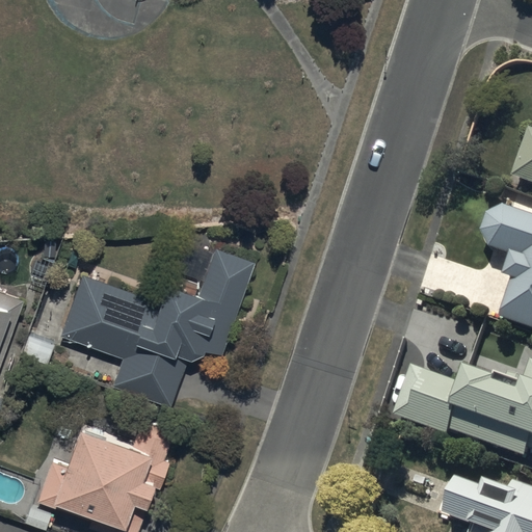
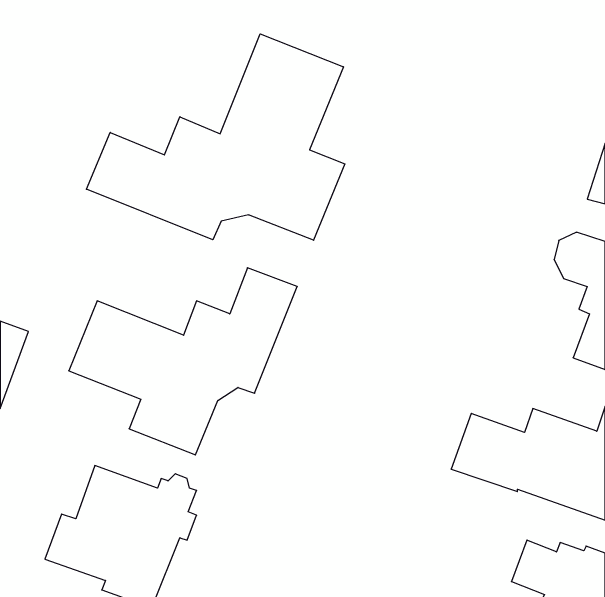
building: none -> [86,34,345,240]

